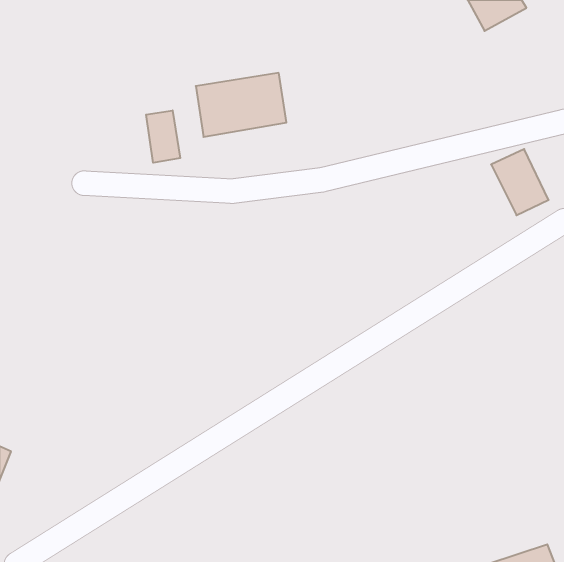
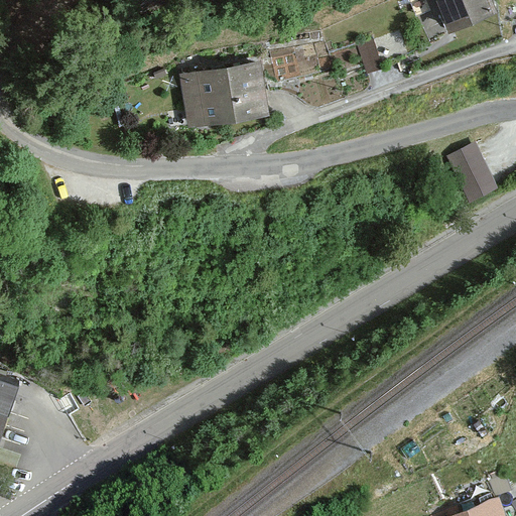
building: [146,110,180,163] -> none

